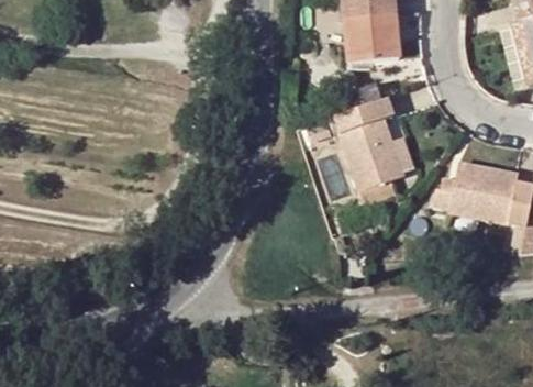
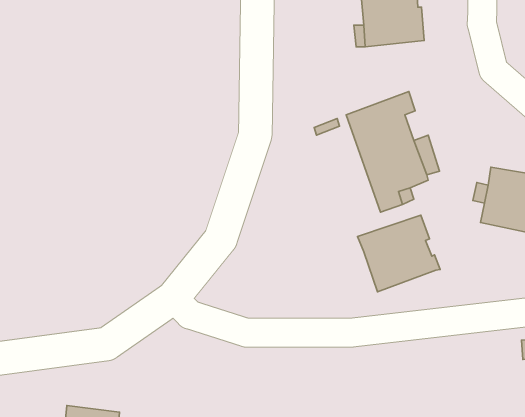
building: none -> [358,215,440,292]

